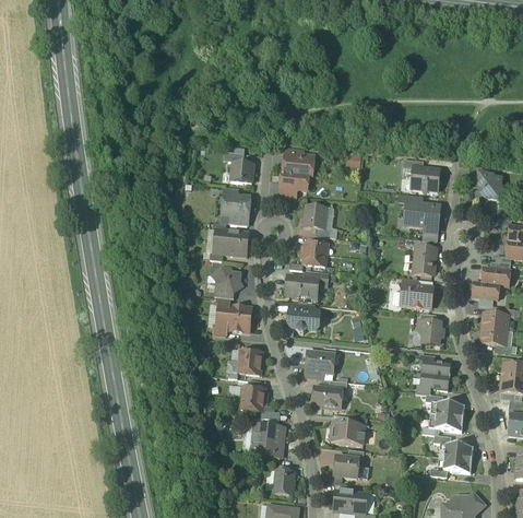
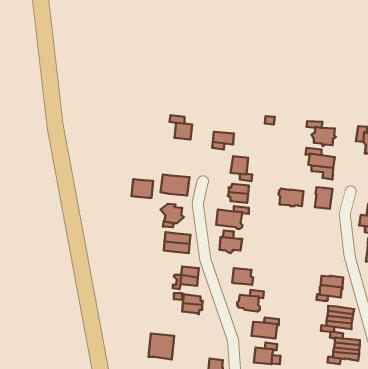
building: [283,148,313,176] -> none
building: [222,193,250,217] -> [131,179,153,198]
building: [400,283,432,306] -> [279,189,304,206]
building: [418,318,441,342] -> none
building: [251,423,285,457] -> [148,333,174,359]

